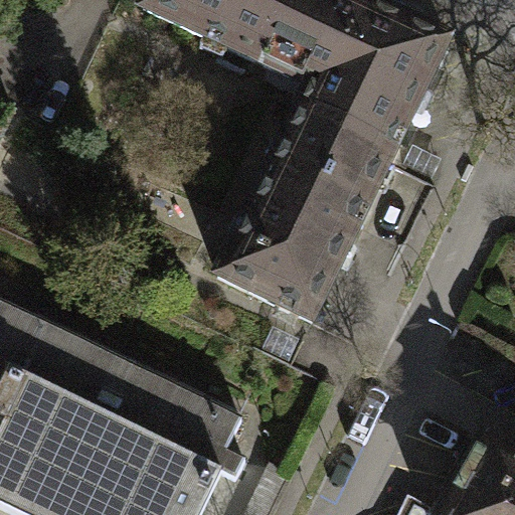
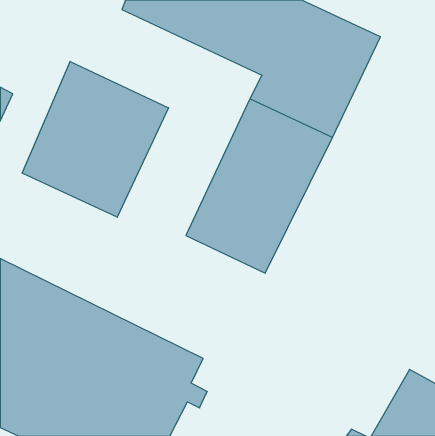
building: none -> [22,61,169,217]

